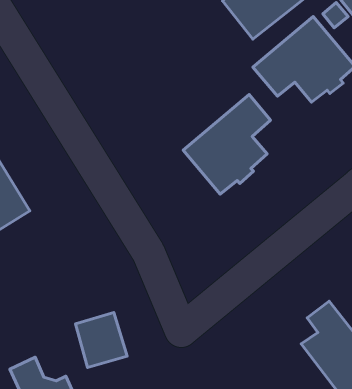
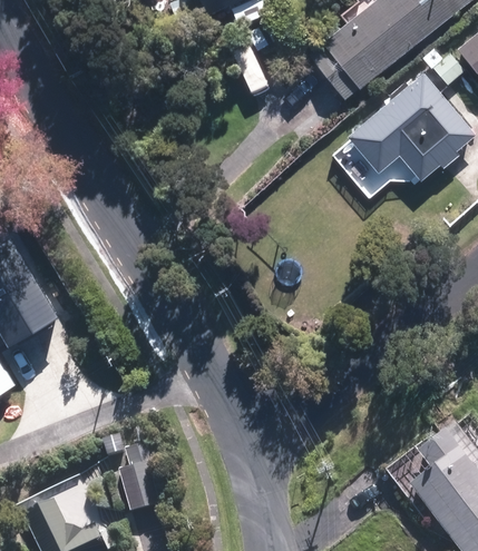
building: [183,94,271,194] -> none

